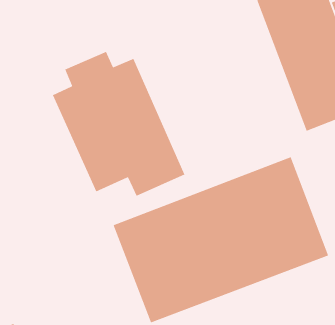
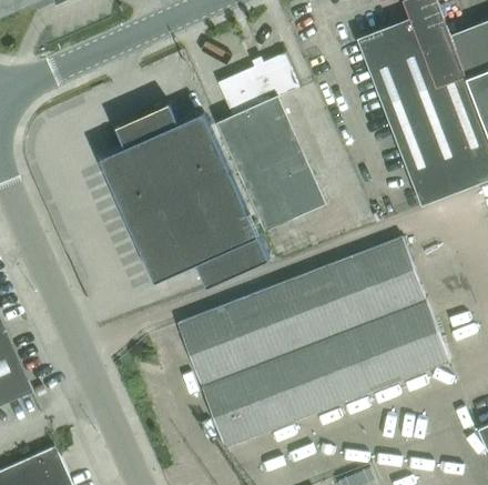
building: none -> [217,52,327,230]

